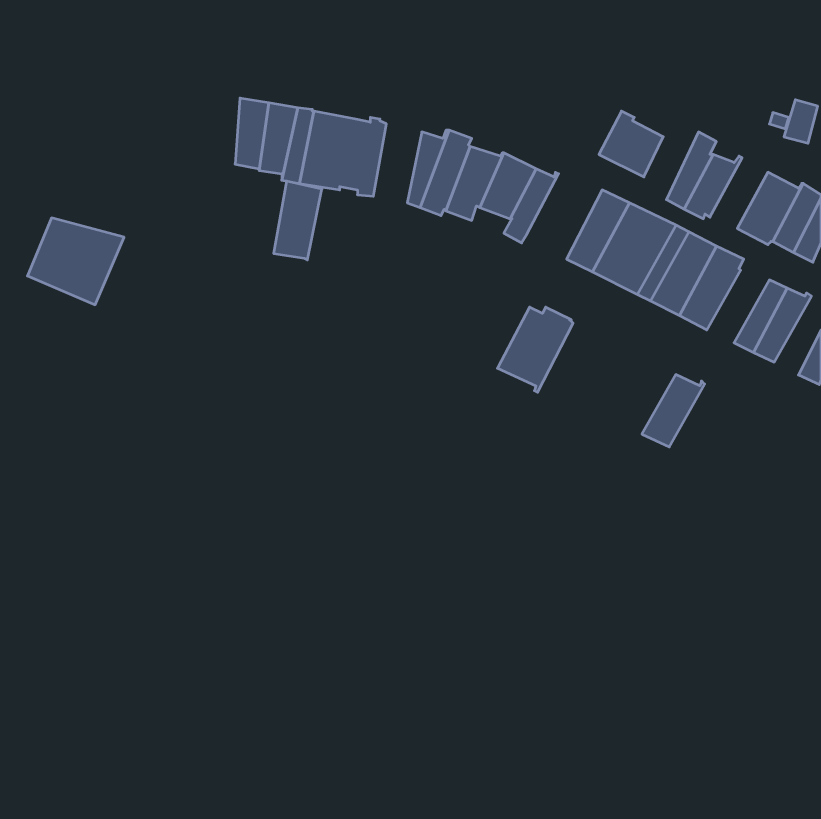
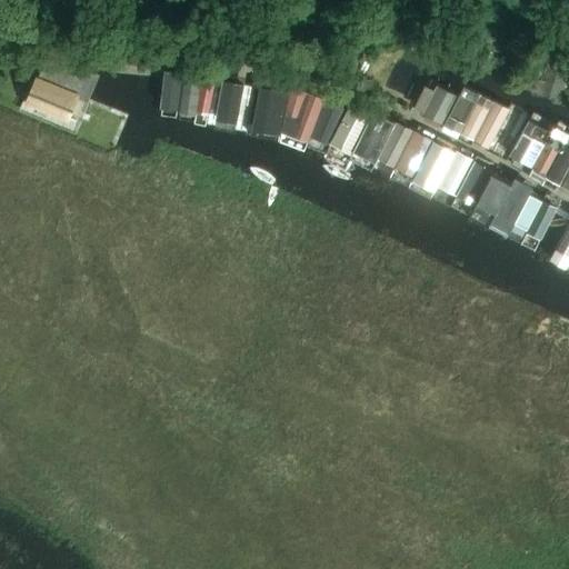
building: none -> [442,82,482,138]
building: [274,181,322,260] -> [258,86,291,140]
building: [27,218,124,305] -> [29,63,96,123]
building: [497,307,573,392] -> [363,120,416,179]
building: [642,375,705,447] -> [488,187,531,237]

